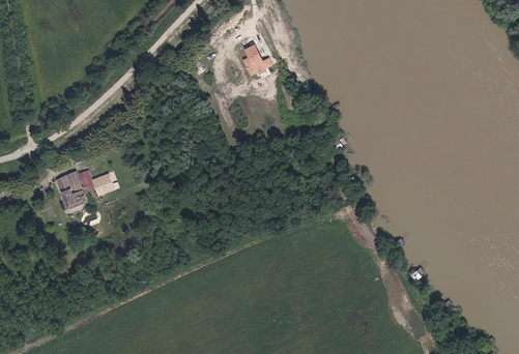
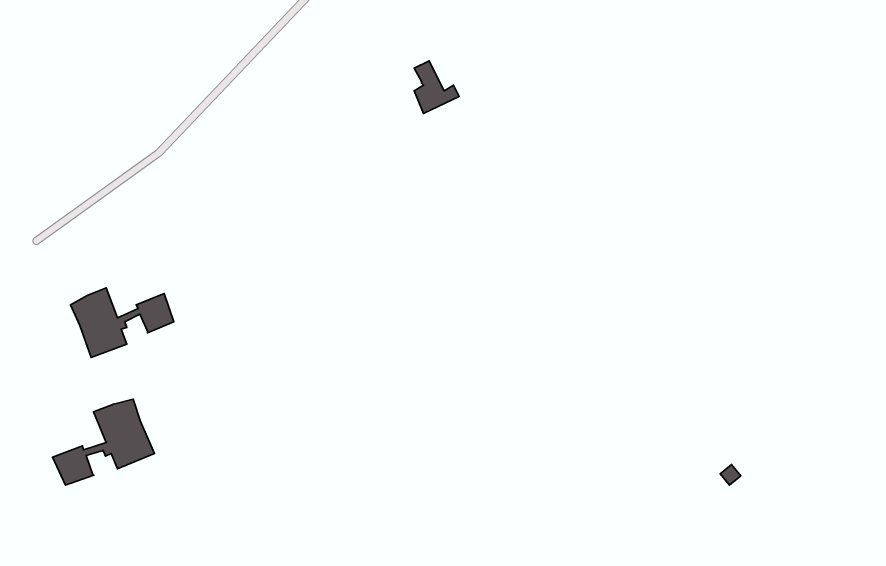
building: none -> [53,399,154,485]

